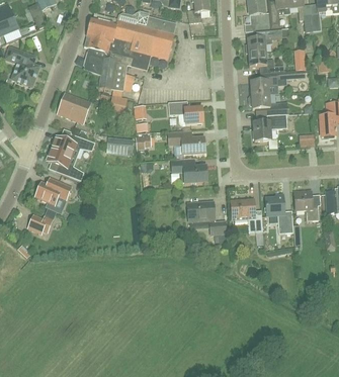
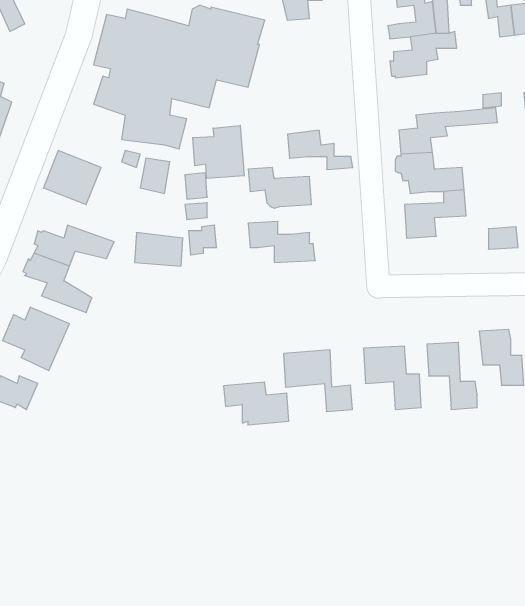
building: [248,51,283,72] -> [288,130,353,169]
building: none -> [193,125,244,178]
building: [171,159,206,182] -> [224,382,289,425]

